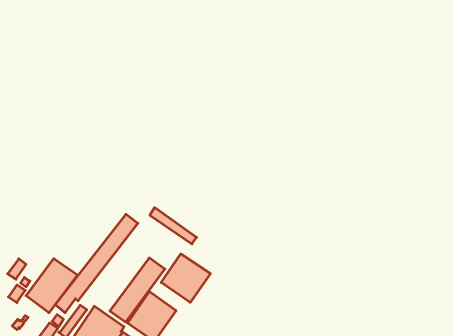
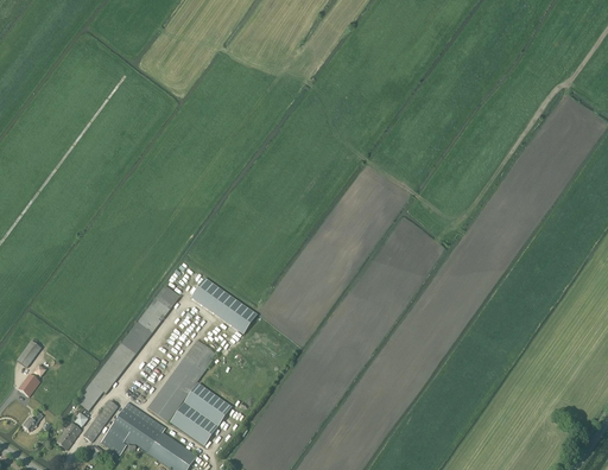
building: [161,254,210,302] -> none
building: [26,259,77,313] -> none

